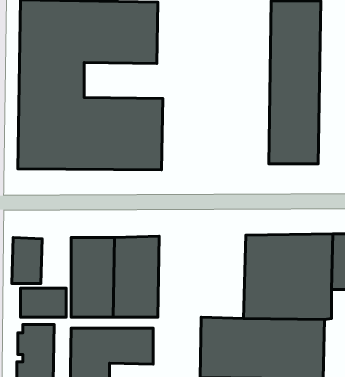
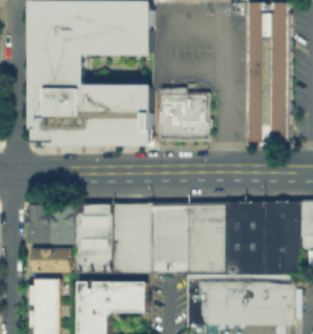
building: none -> [156,89,209,142]
building: none -> [148,202,223,273]
building: none -> [49,205,73,244]

